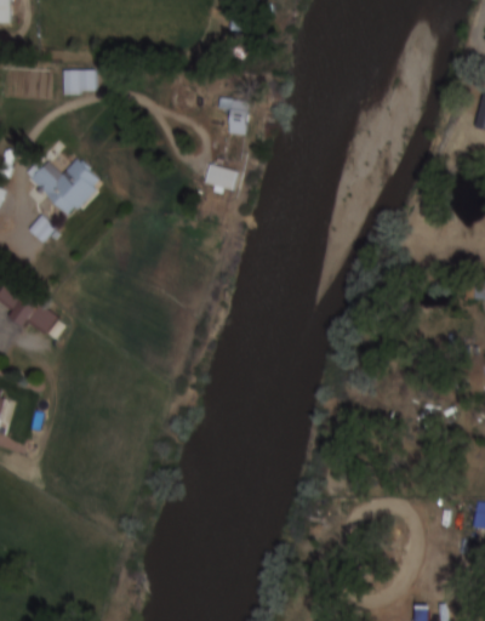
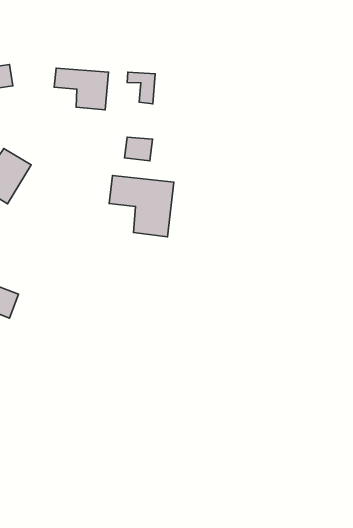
building: none -> [54,68,108,110]
building: none -> [109,176,174,237]

